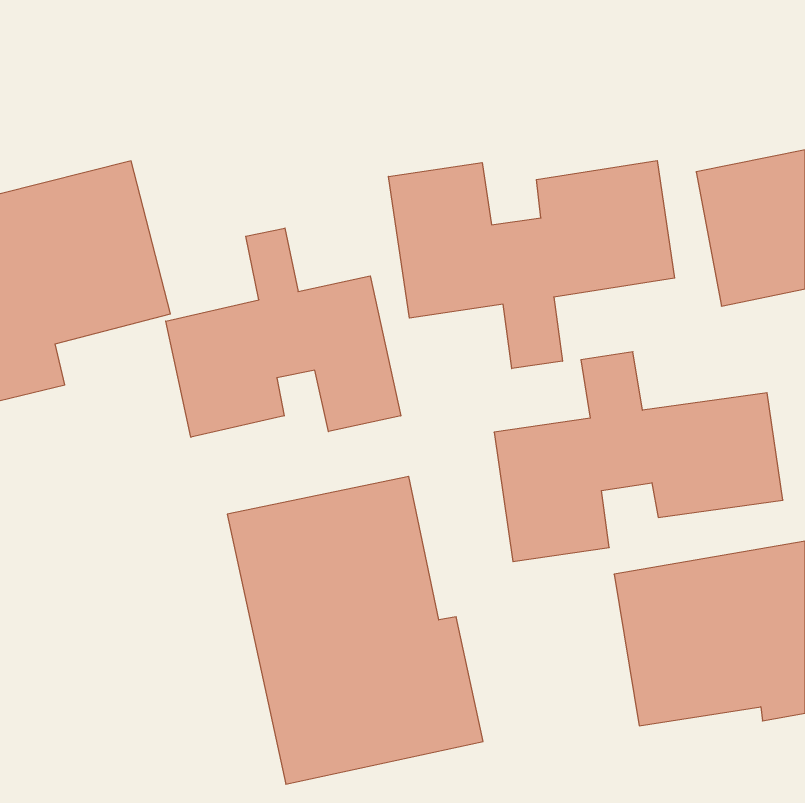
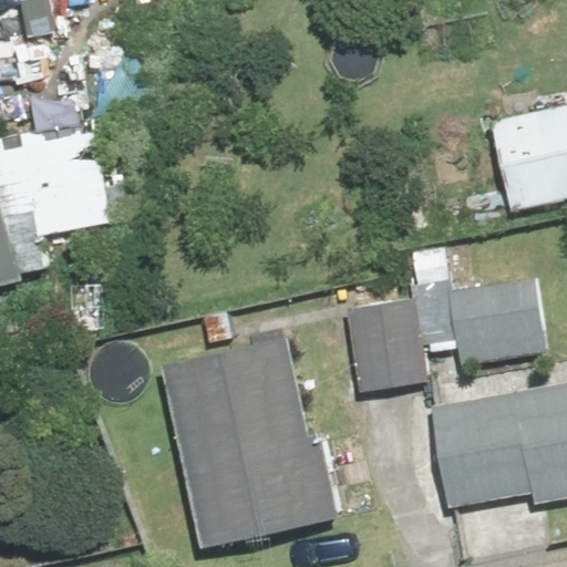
building: [388,161,675,369] -> none
building: [166,228,401,437] -> none

